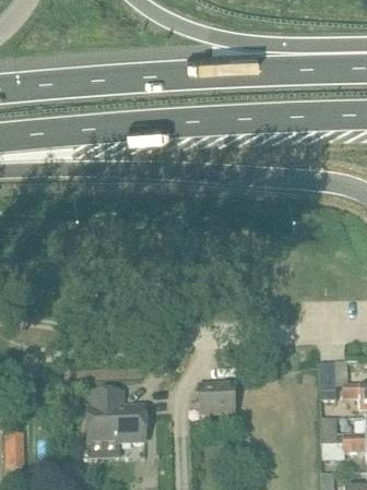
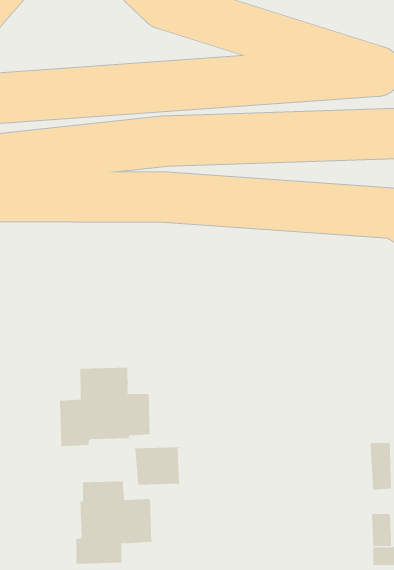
building: none -> [59,367,150,447]
building: [199,382,236,413] -> [135,447,181,485]

